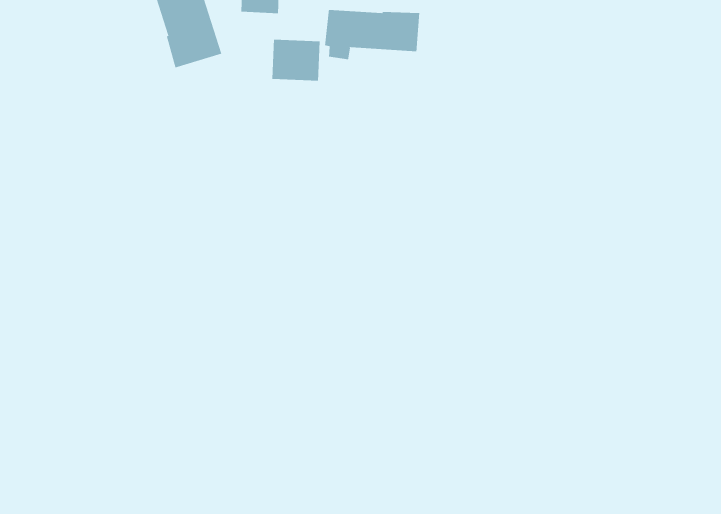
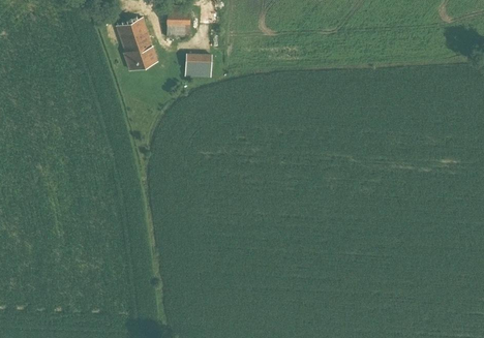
building: [325,9,420,60] -> none

